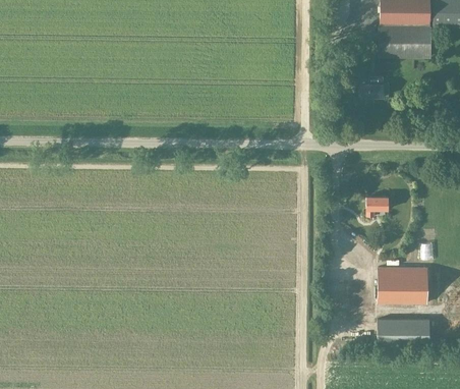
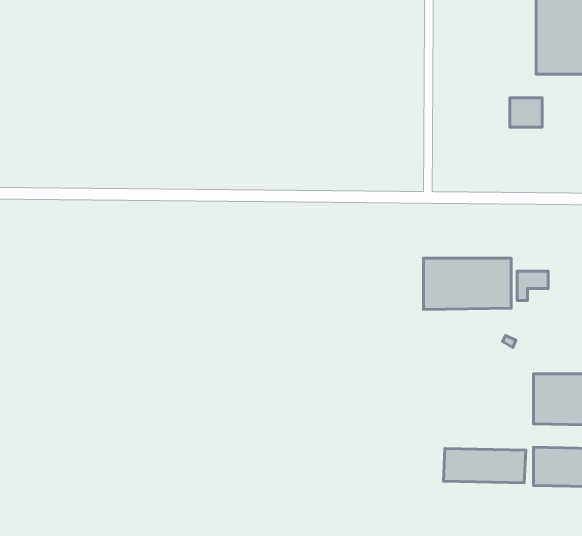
building: none -> [424,258,511,310]
building: none -> [443,449,526,483]

